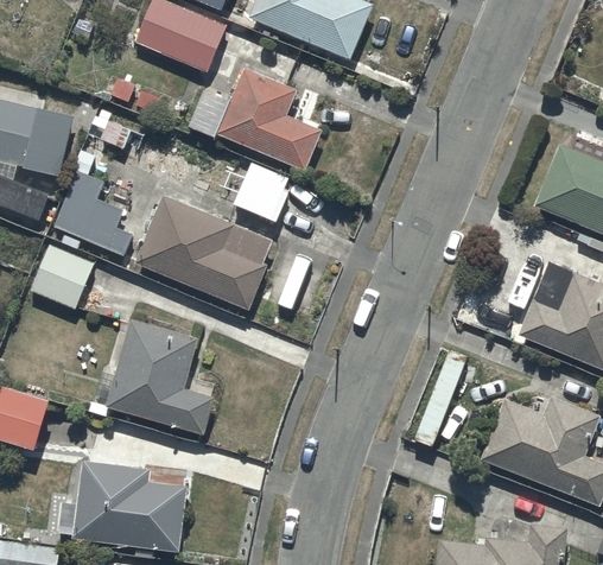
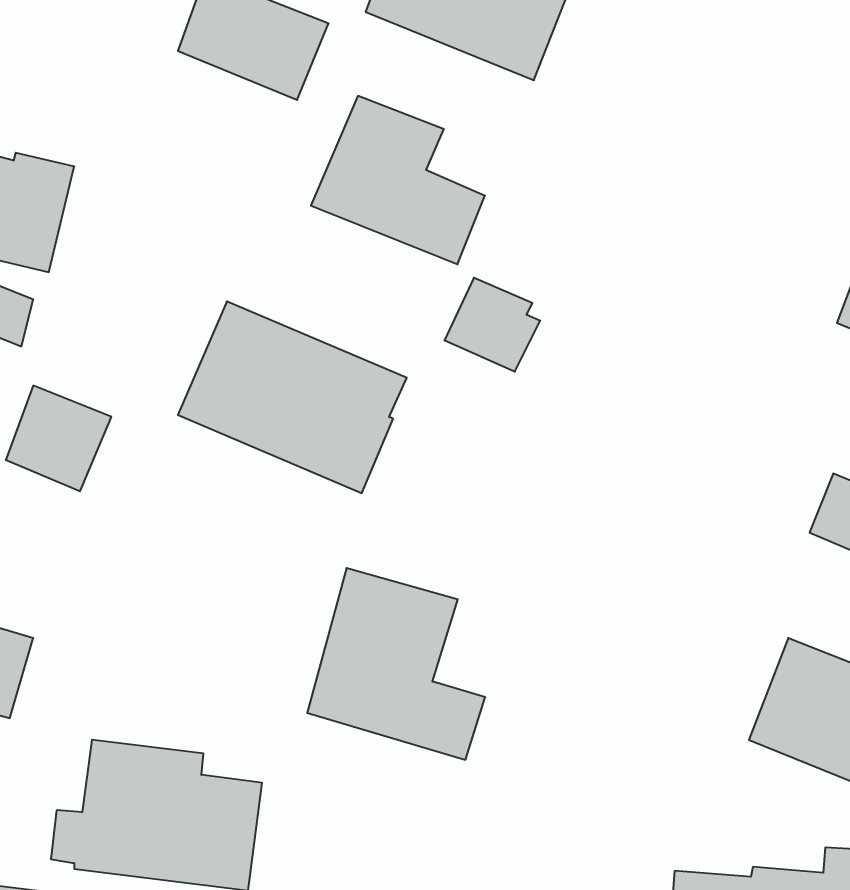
building: [53,152,133,256] -> none
building: [233,164,291,221] -> [444,278,540,372]
building: [107,318,215,434] -> [307,568,485,760]

